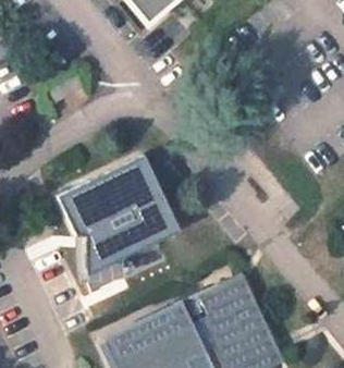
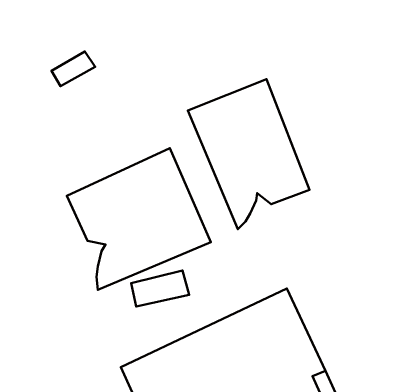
building: none -> [188,79,309,229]

